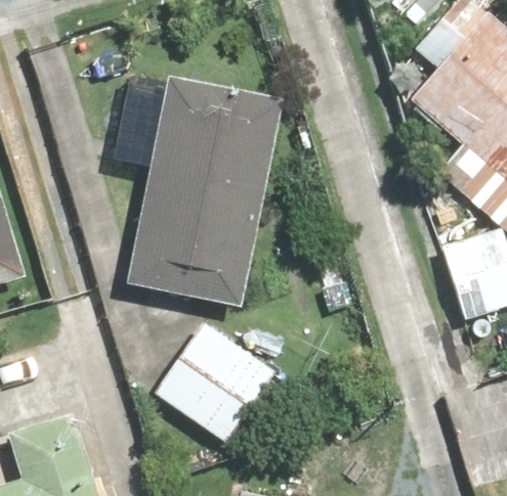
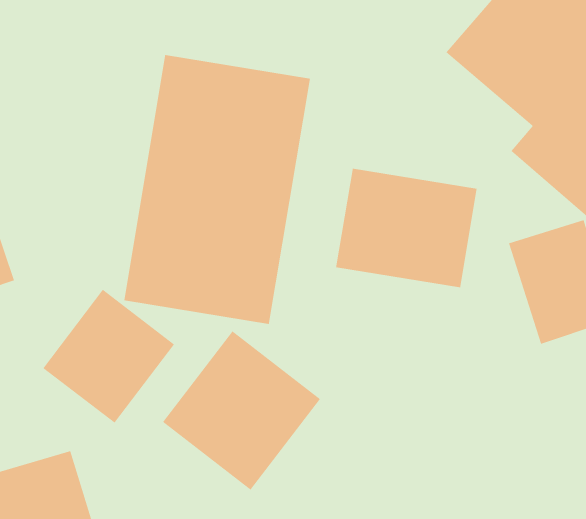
building: none -> [336,168,477,288]
building: none -> [43,289,175,424]

